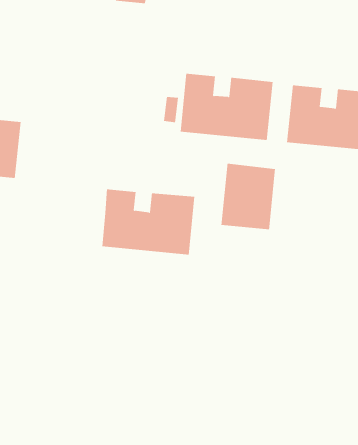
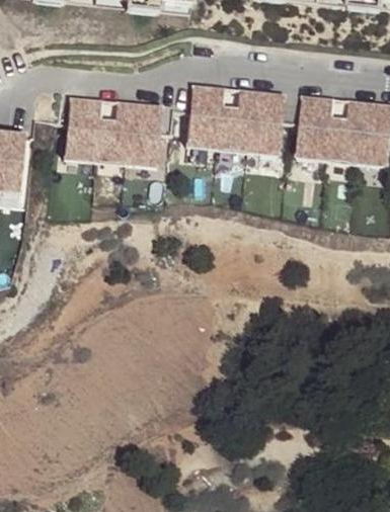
building: [221,163,276,230] -> none
building: [101,189,195,255] -> [63,97,160,166]

